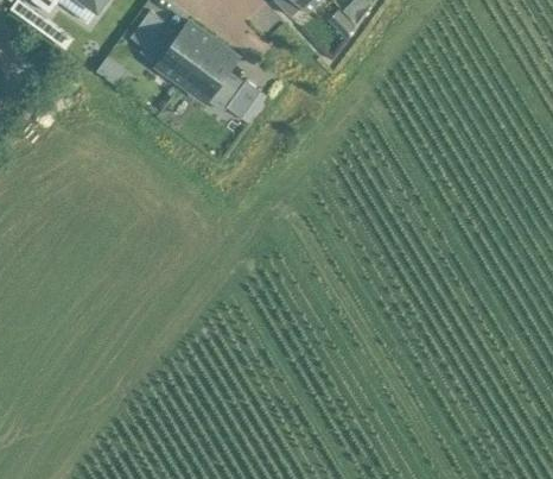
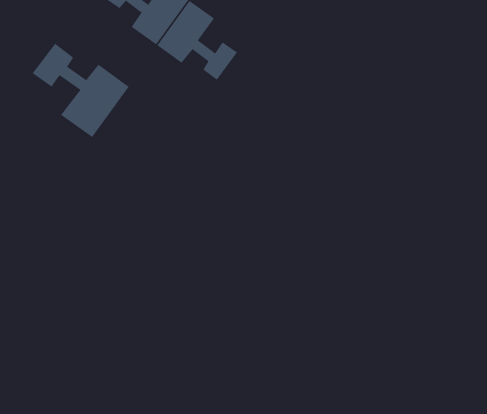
building: none -> [32,43,129,138]

